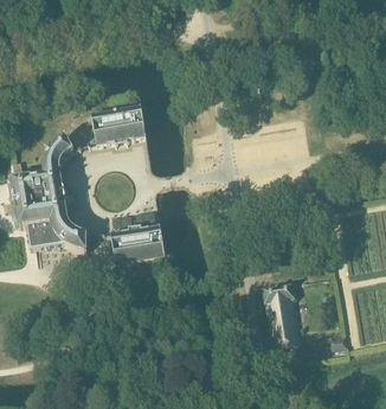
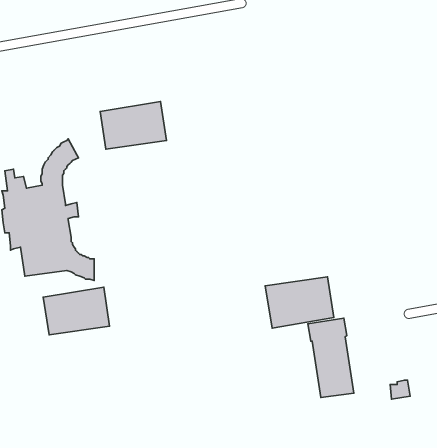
building: [110,226,165,266] -> [43,287,110,335]
building: none -> [265,277,334,328]

